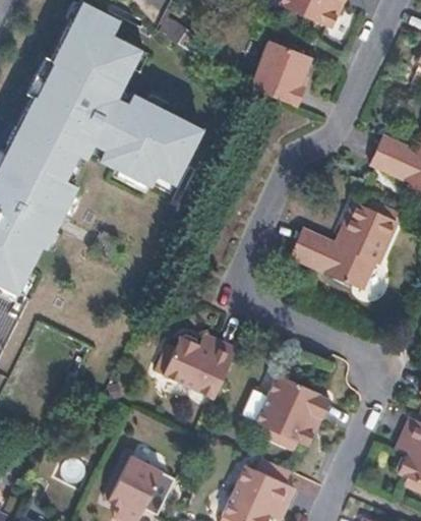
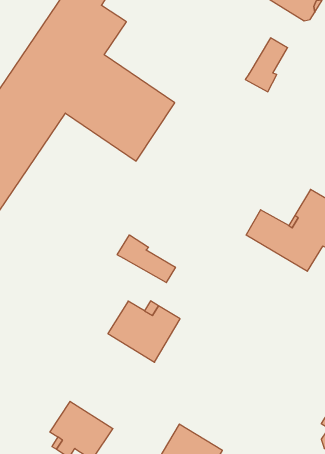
building: [250,38,293,95] -> none
building: none -> [117,235,175,283]
building: [255,373,325,441] -> none

